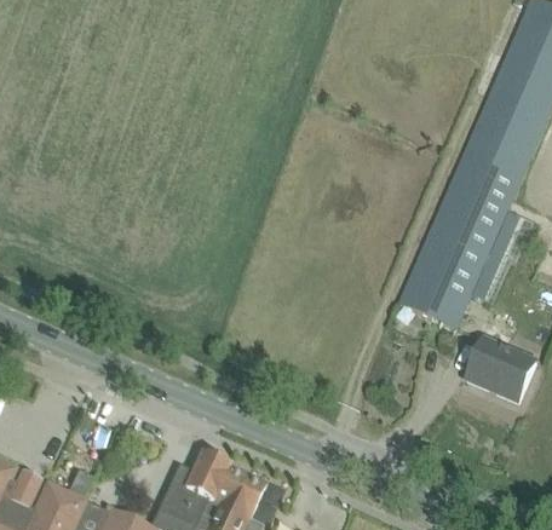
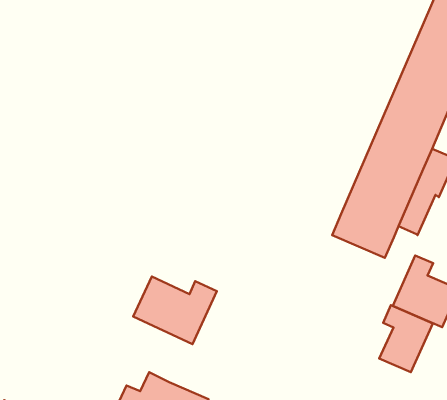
building: none -> [133,276,217,344]
building: none -> [379,305,433,372]

